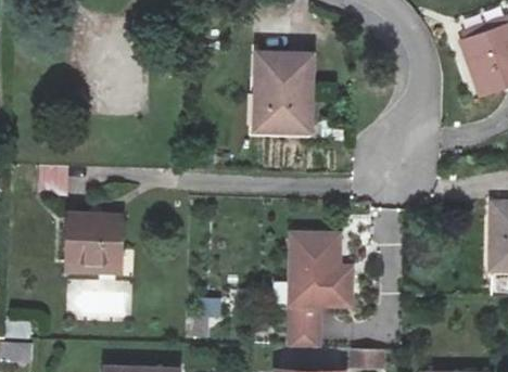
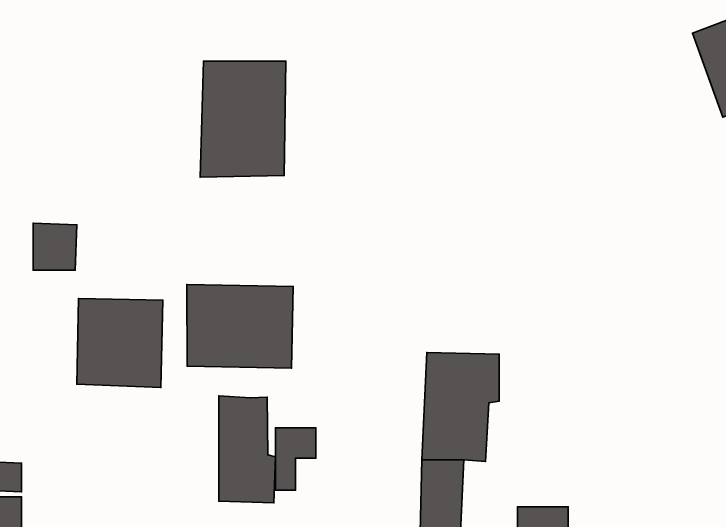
building: [251,67,306,142] -> [200,61,286,177]
building: none -> [187,284,293,368]
building: none -> [219,396,275,503]

